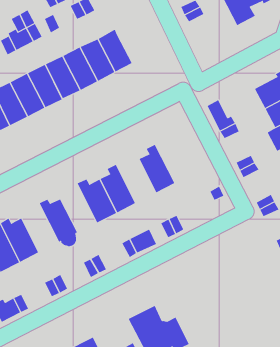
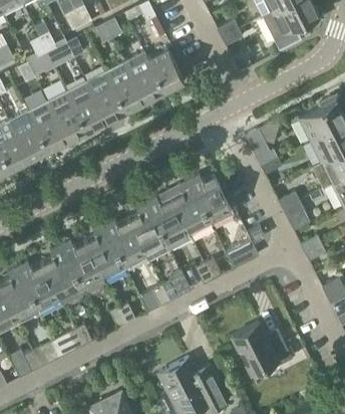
building: none -> [147,49,185,90]
building: none -> [189,174,233,223]
building: none -> [145,196,190,245]
building: none -> [84,223,124,277]
building: none -> [226,239,259,268]
building: none -> [41,245,82,304]
building: none -> [232,323,292,374]

